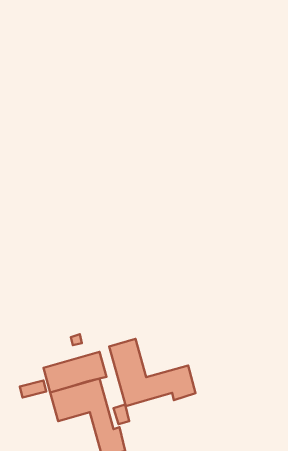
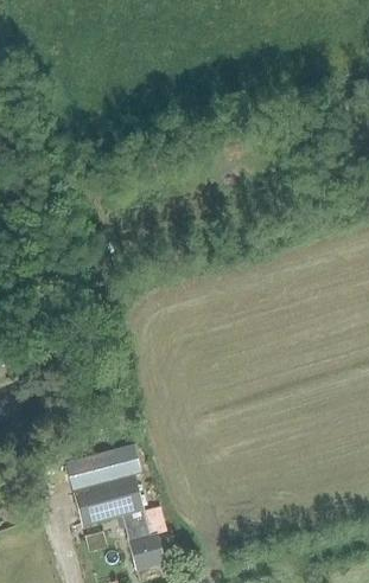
building: [109,339,195,406] -> none

